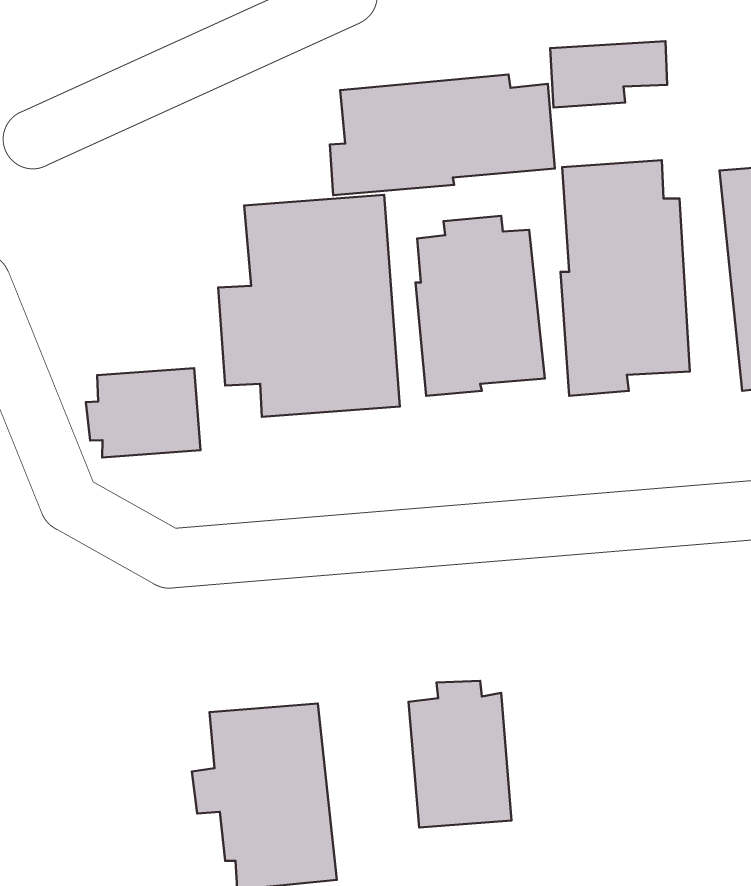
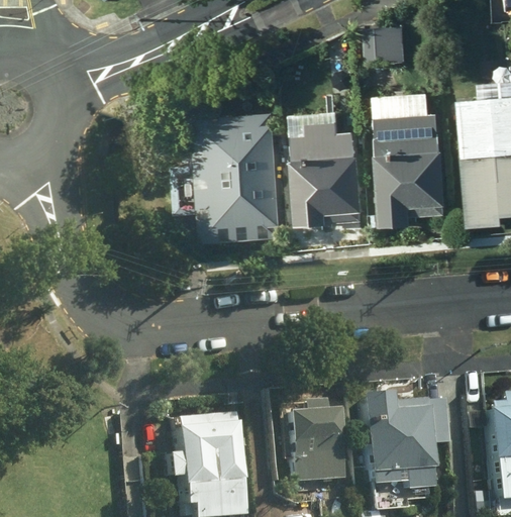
building: [330,74,555,195] -> none
building: [86,368,201,457] -> none
building: none -> [354,387,451,506]

